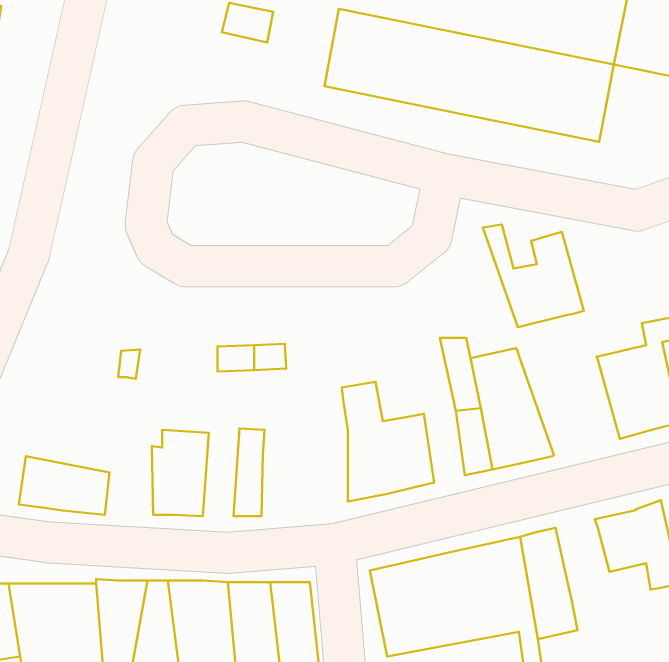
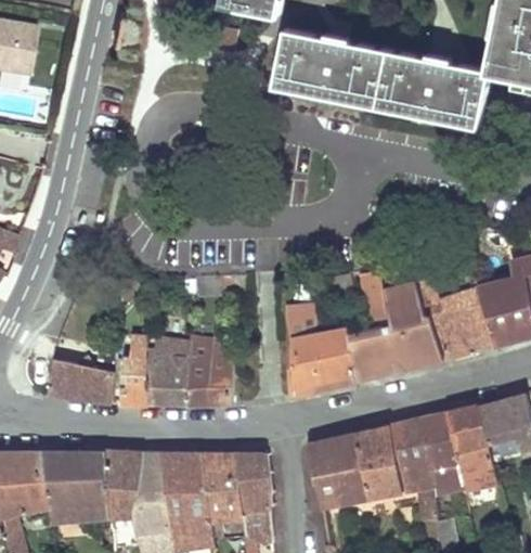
building: [483,225,584,327] -> [417,284,492,360]
building: none -> [183,323,211,406]
building: none -> [347,327,377,381]
building: none -> [119,340,146,404]
building: none -> [444,408,494,490]

